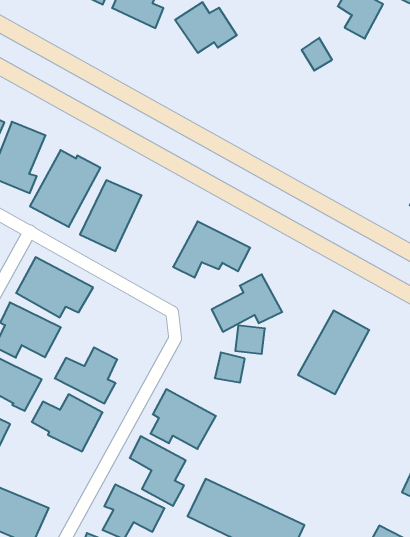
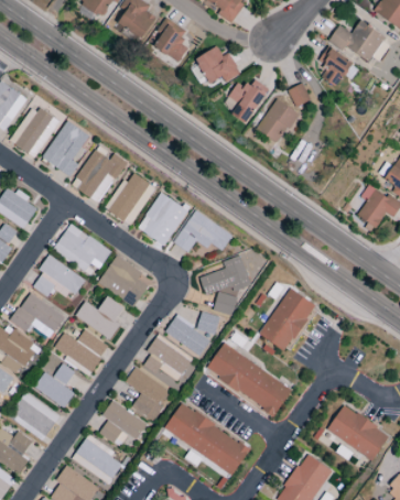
building: none -> [228,77,270,123]
building: none -> [257,98,299,143]
building: none -> [139,193,187,246]
building: none -> [99,254,149,307]
building: none -> [165,316,212,356]
building: none -> [206,344,293,415]
building: none -> [34,363,75,407]

